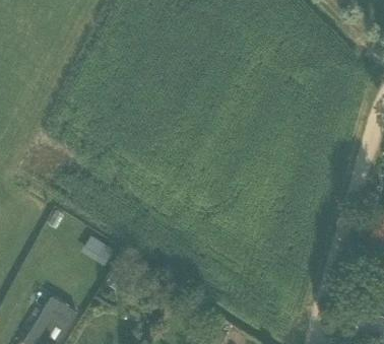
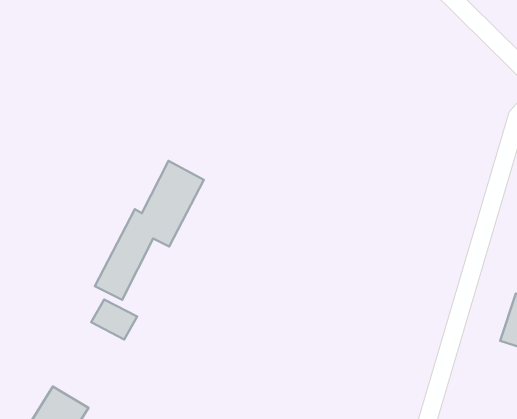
building: none -> [95,161,204,300]

